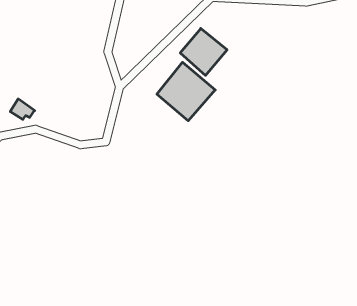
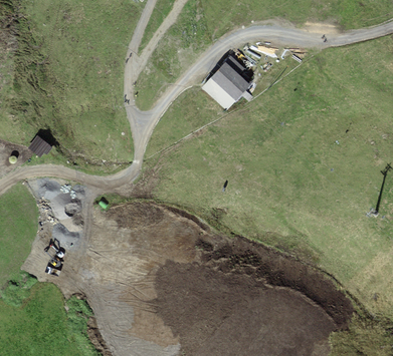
building: [157,62,215,121] -> none

